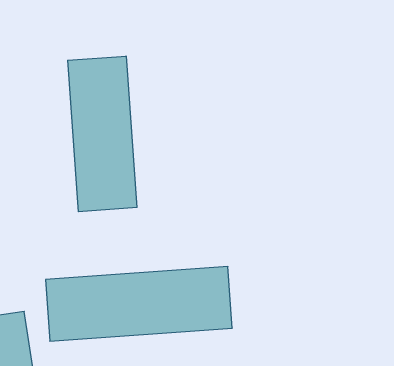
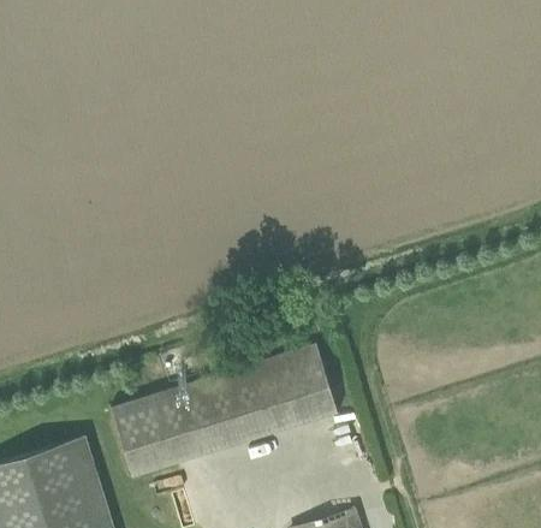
building: [68,56,137,212] -> none

